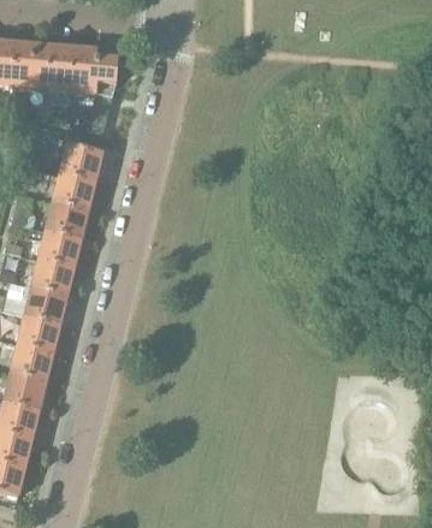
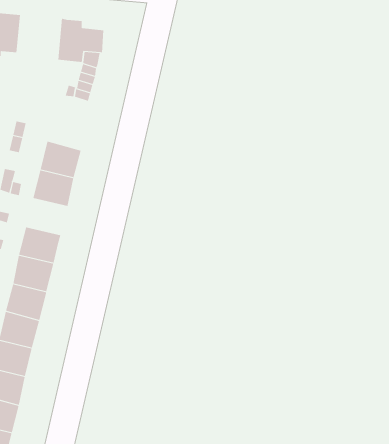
building: [30,45,75,90] -> none
building: [60,143,102,182] -> none
building: [39,230,82,267] -> none

